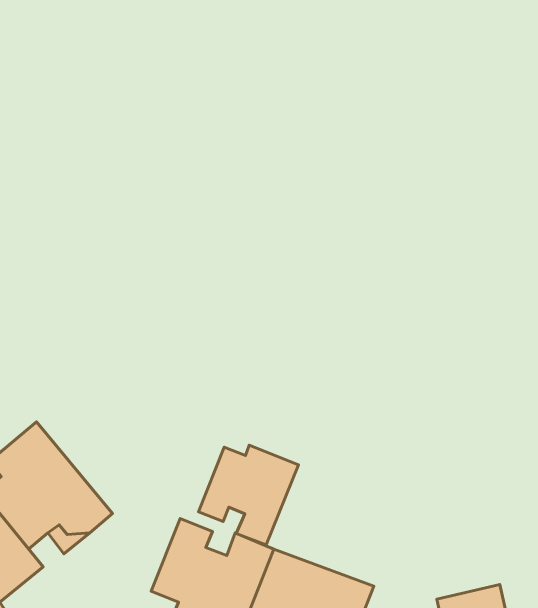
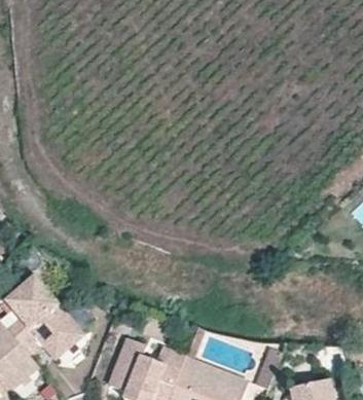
building: [198,445,299,545] -> none

